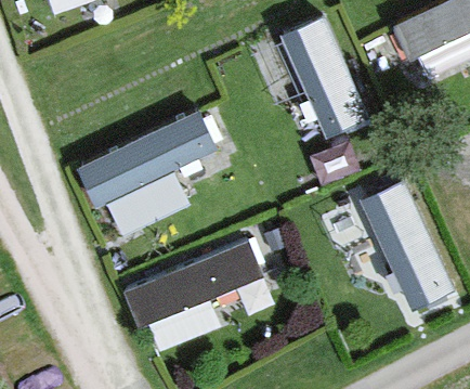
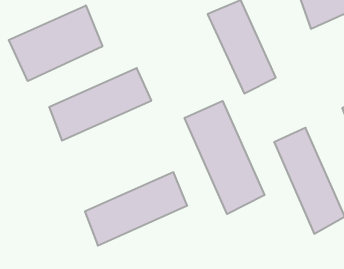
building: none -> [9,5,102,81]
building: none -> [185,101,264,214]

